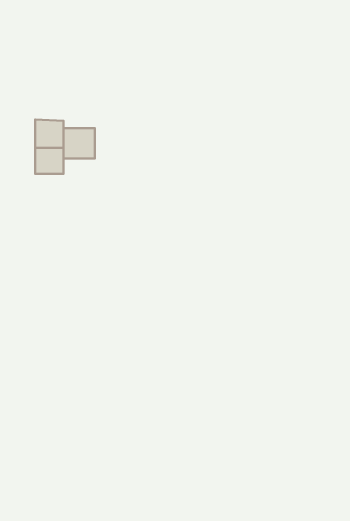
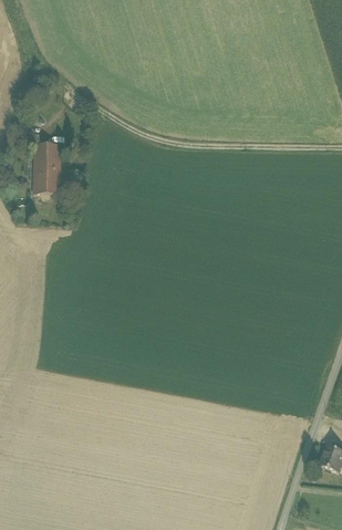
building: [63,128,95,158] -> none

